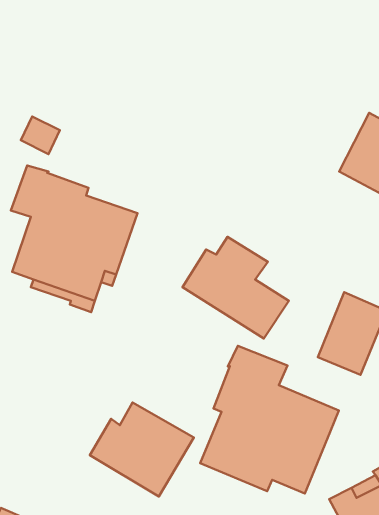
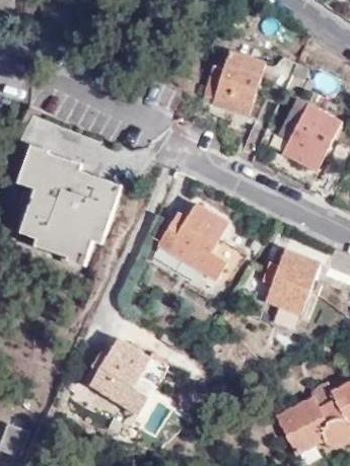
building: none -> [199,51,263,114]
building: [200,346,339,494] -> none

